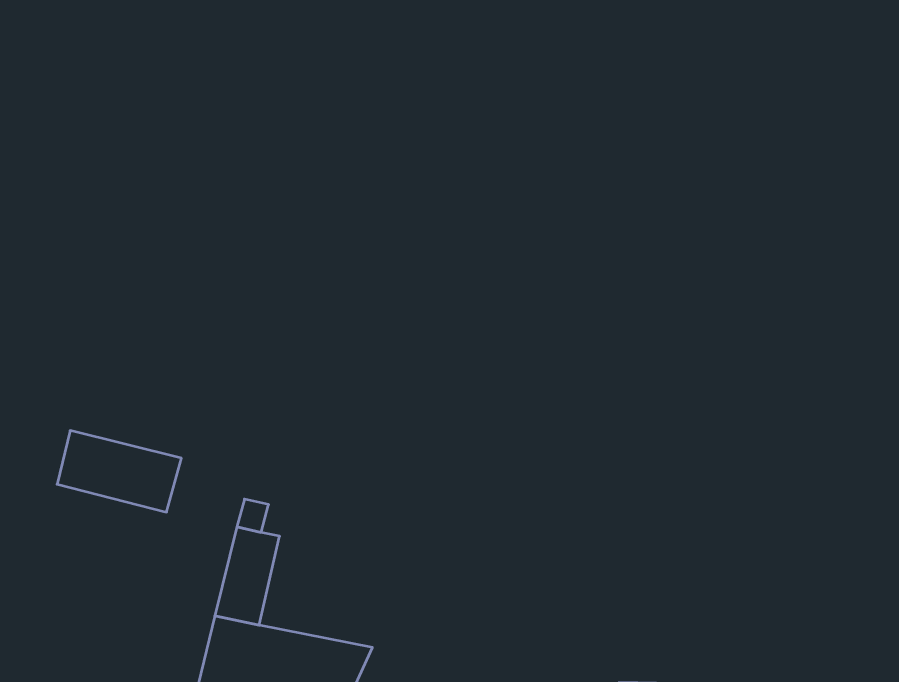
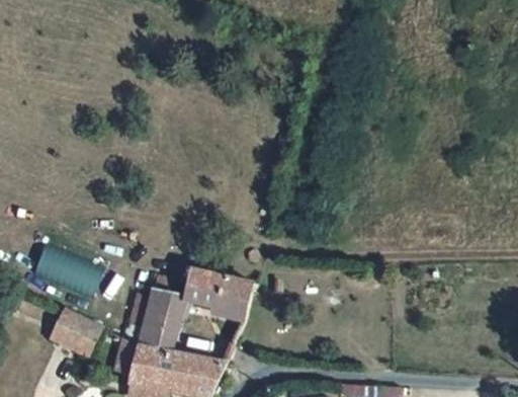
building: none -> [172,271,253,324]
building: none -> [47,309,96,354]

